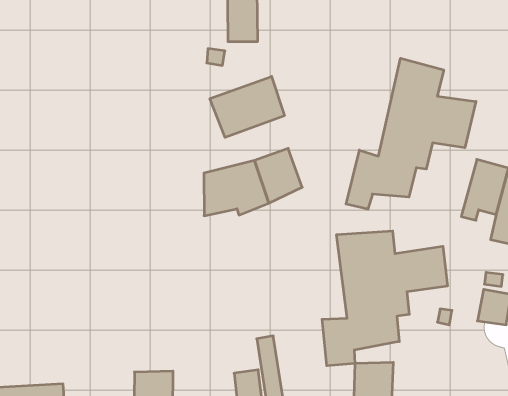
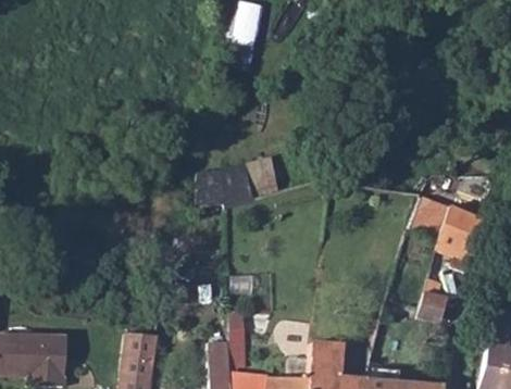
building: [346,58,476,209] -> none
building: [210,76,284,137] -> none
building: [322,231,447,366] -> none

